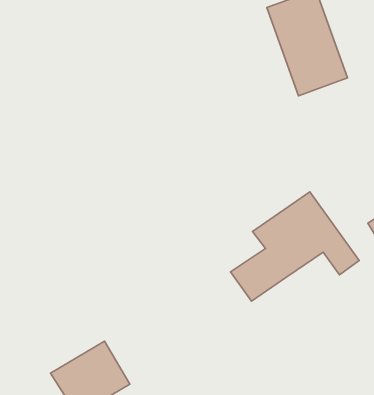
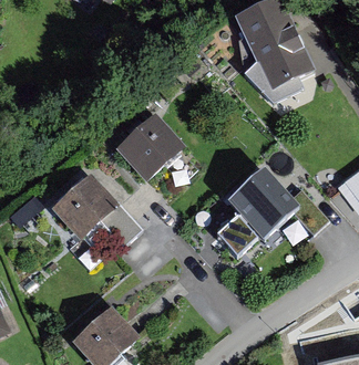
building: none -> [121,119,187,186]
building: none -> [52,174,127,274]

